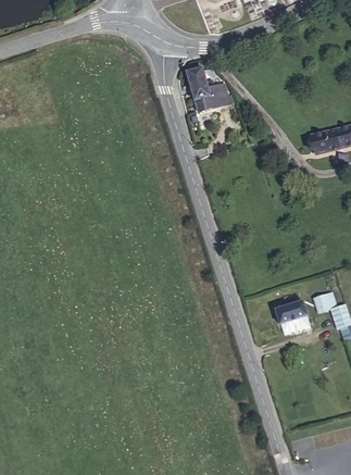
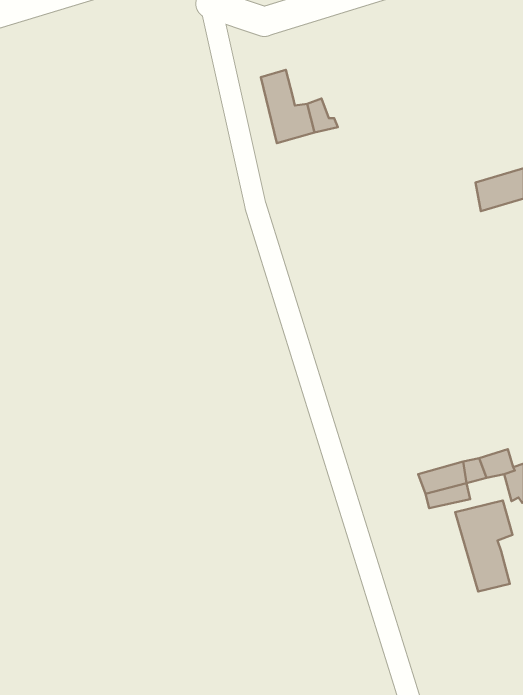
building: none -> [455,500,512,591]

